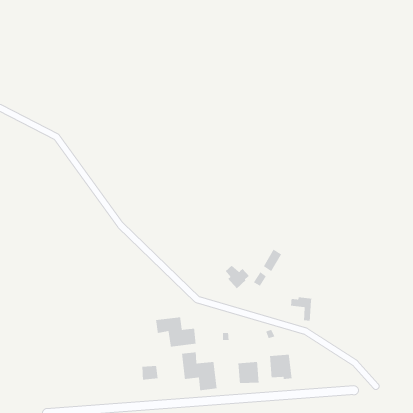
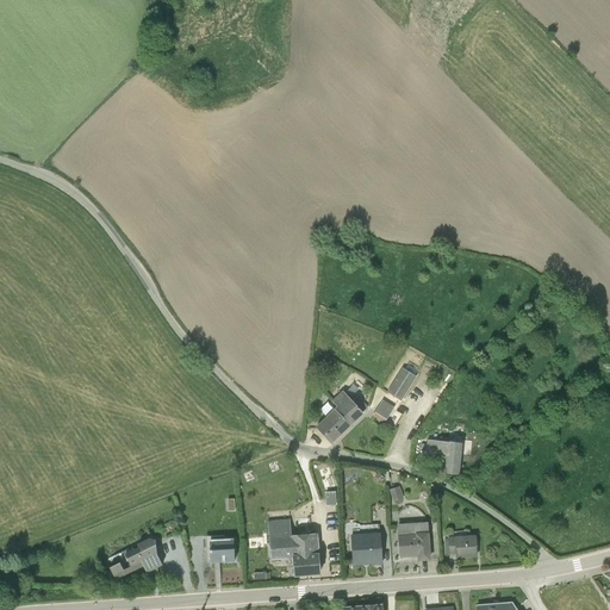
building: none -> [317,410,349,442]
building: [155,317,196,348] -> none
building: none -> [448,534,477,558]
building: none -> [106,536,162,579]

